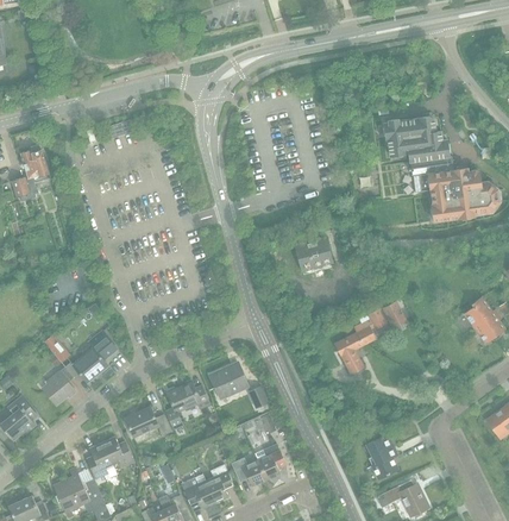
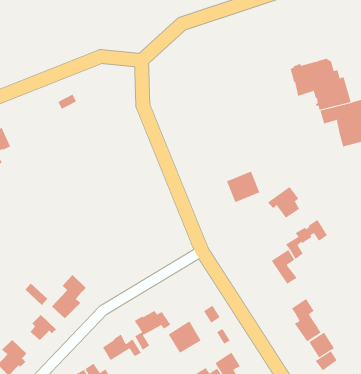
building: none -> [267,186,300,218]
building: [208,360,246,397] -> [168,321,201,354]
building: none -> [291,298,322,342]

